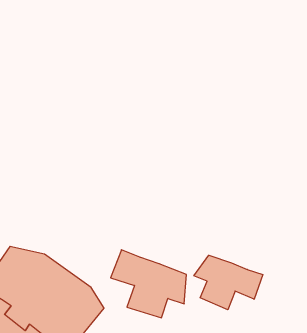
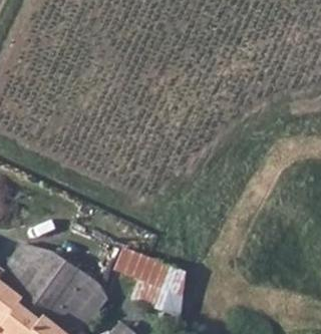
building: [194,255,263,310] -> none

